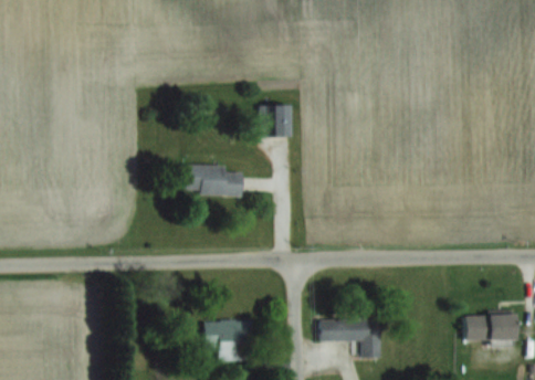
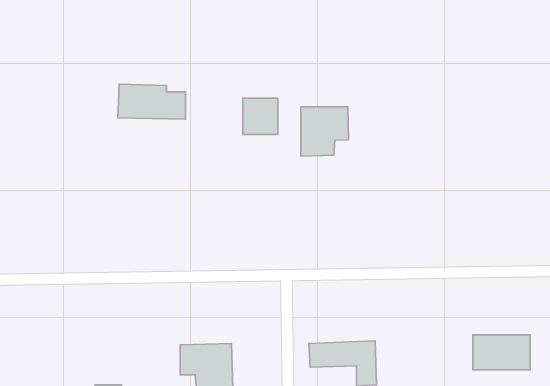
building: none -> [301,107,348,156]
building: [182,165,242,196] -> [118,84,185,119]

